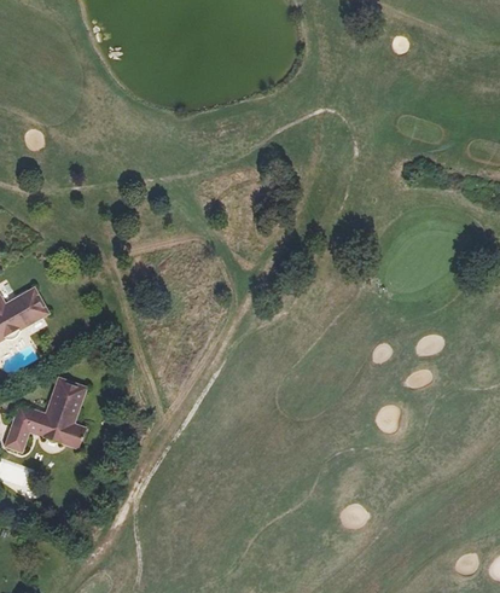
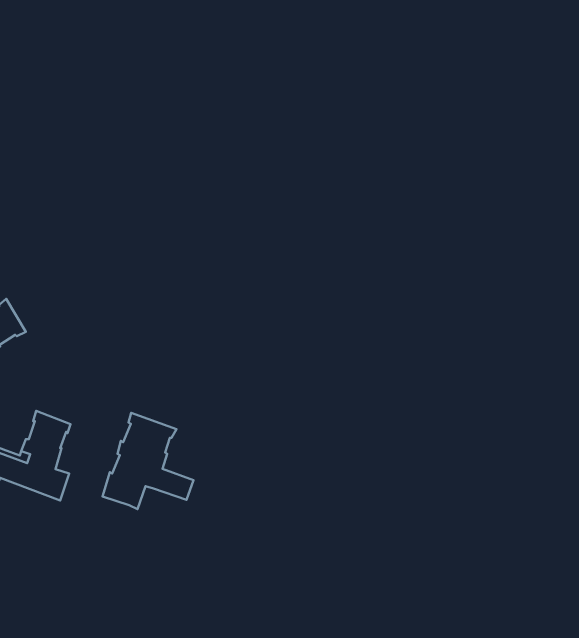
building: none -> [102,413,193,509]

